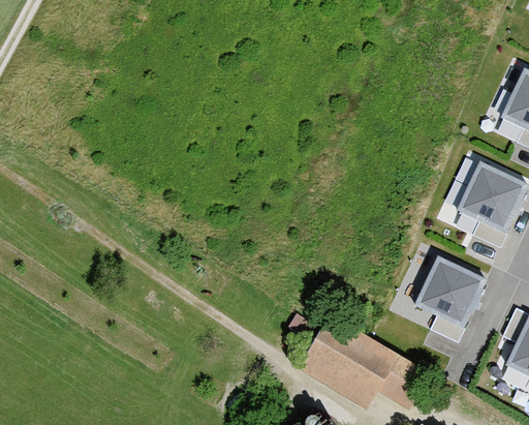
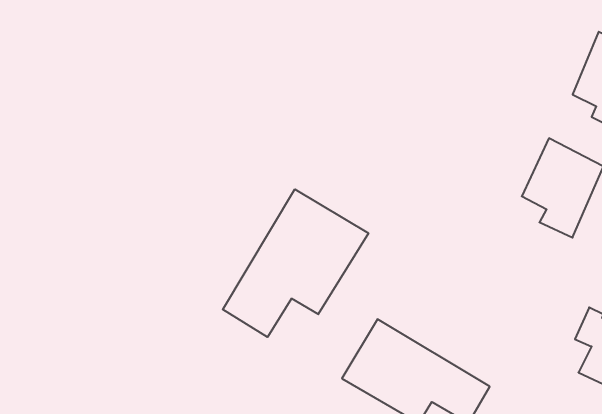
building: none -> [223,189,368,337]
building: [414,254,488,341] -> none

